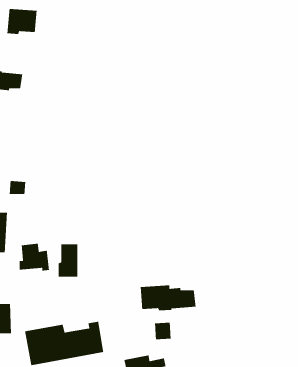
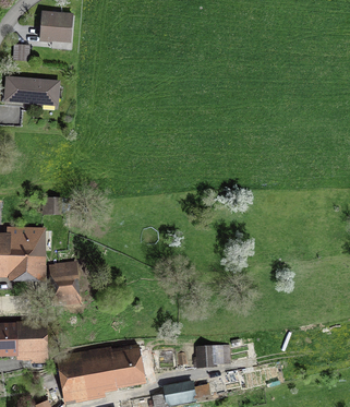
building: [58,244,78,277] -> none
building: [140,285,197,311] -> none

